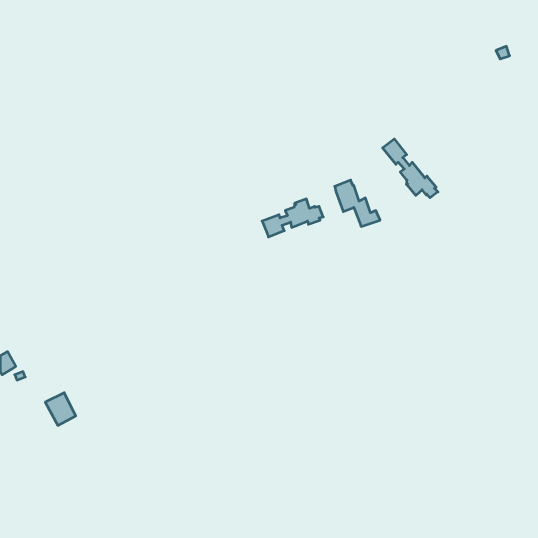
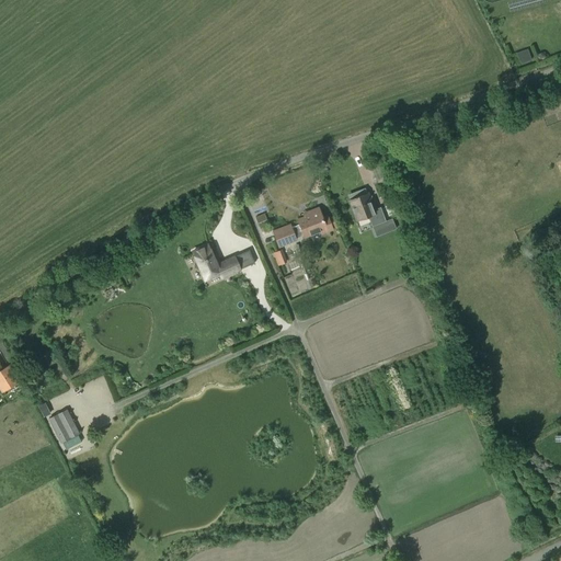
building: [383,139,438,198] -> none
building: none -> [192,244,239,279]

